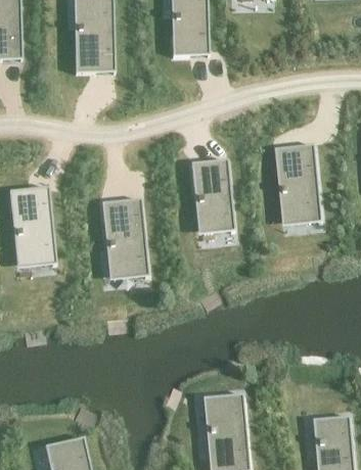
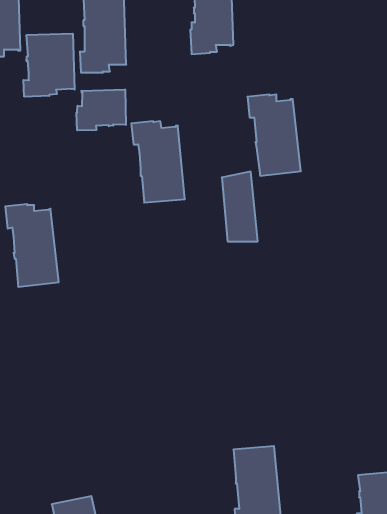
building: none -> [23,34,75,97]
building: none -> [76,89,126,130]
building: [273,146,320,218] -> [247,94,301,176]
building: [98,200,145,272] -> [131,121,185,203]

